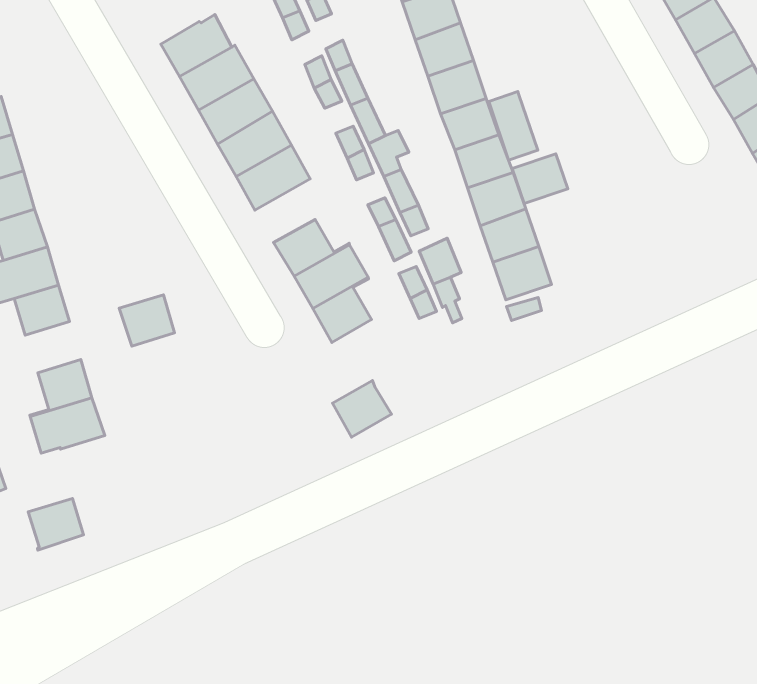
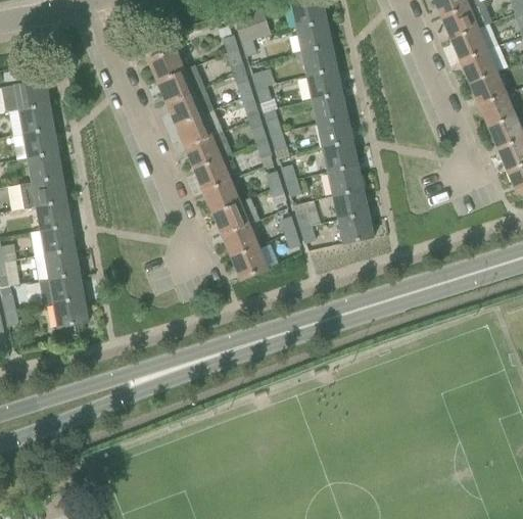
building: [489,91,538,160] -> none
building: [512,154,568,203] -> none
building: none -> [194,154,231,191]
building: [119,295,175,346] -> [42,225,75,254]
building: [333,380,391,437] -> [232,246,268,280]
building: [28,498,84,550] -> [55,298,88,328]

